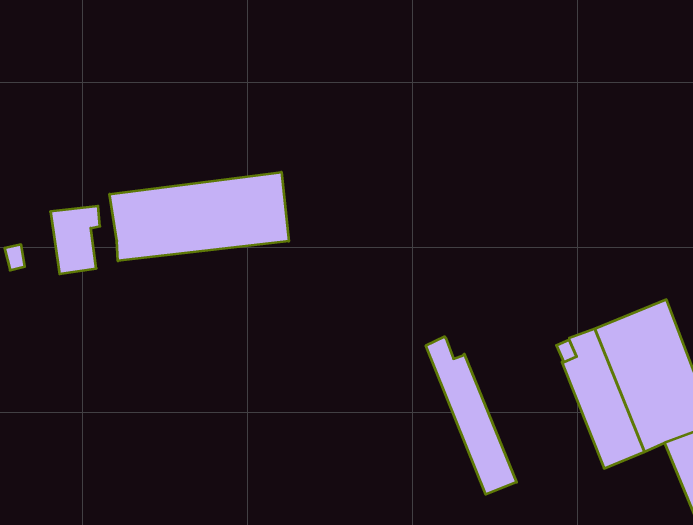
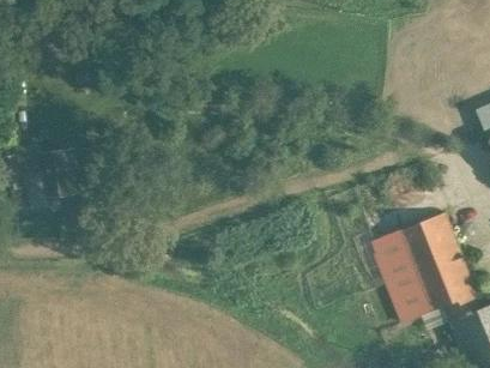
building: [110,172,289,261] -> none
building: [426,337,517,494] -> none

